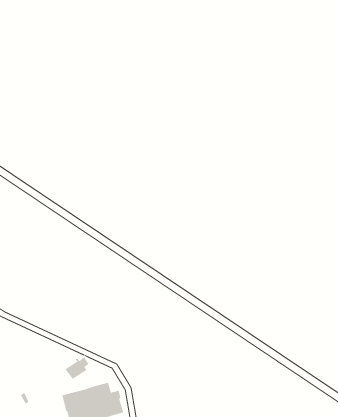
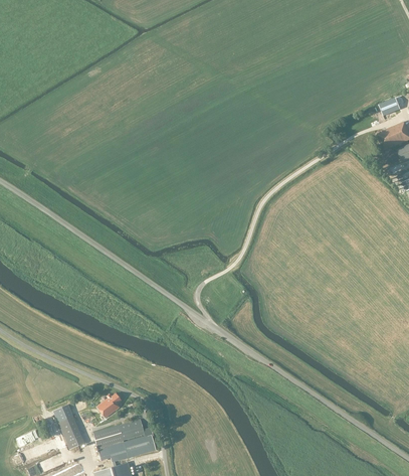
building: none -> [53,405,85,450]

